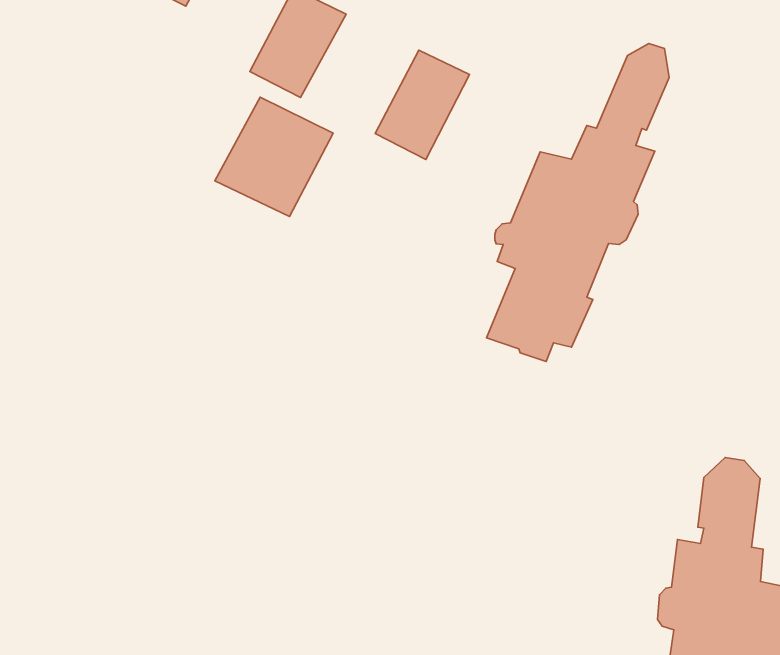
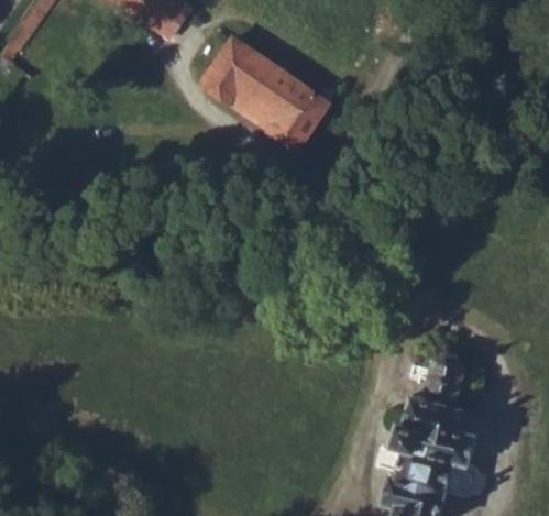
building: [487,44,669,362] -> none
building: [215,97,333,216] -> [229,57,303,130]

